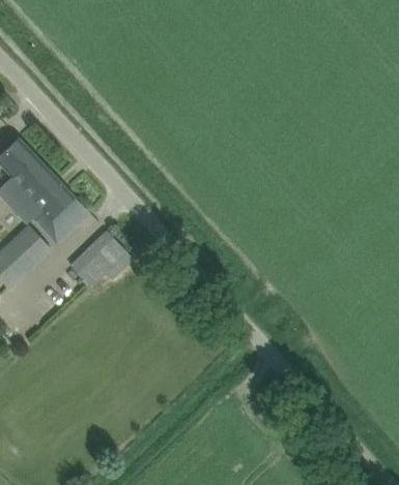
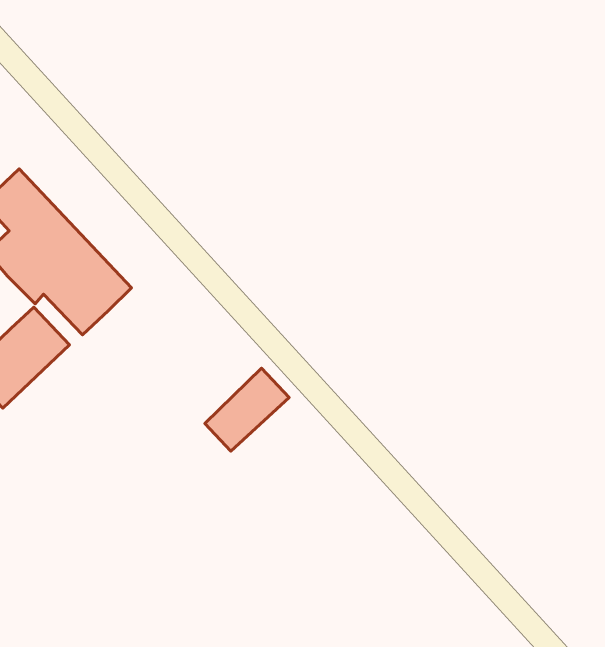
building: [74,234,127,286] -> [205,368,289,451]

